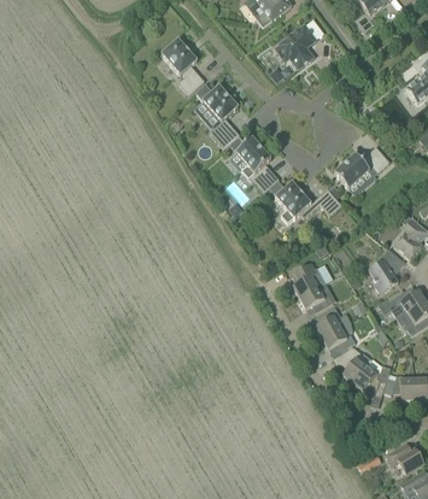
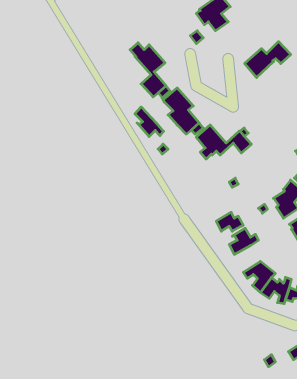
building: [160,40,204,95] -> none
building: [334,146,389,189] -> [245,42,291,78]
building: none -> [135,107,164,137]
building: [291,263,326,298] -> none
building: [321,321,354,350] -> none

